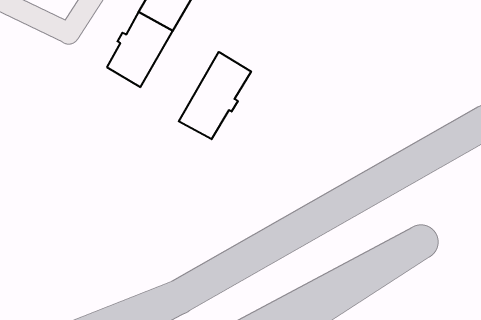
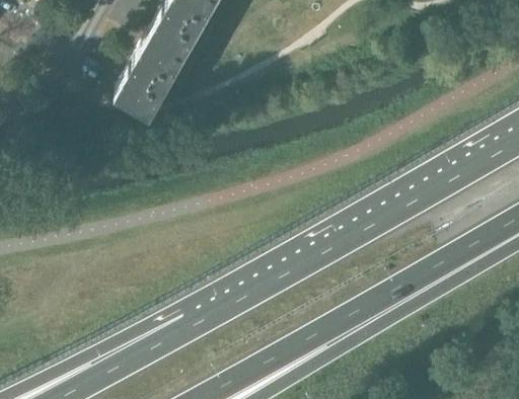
building: [179,52,251,139] -> none

